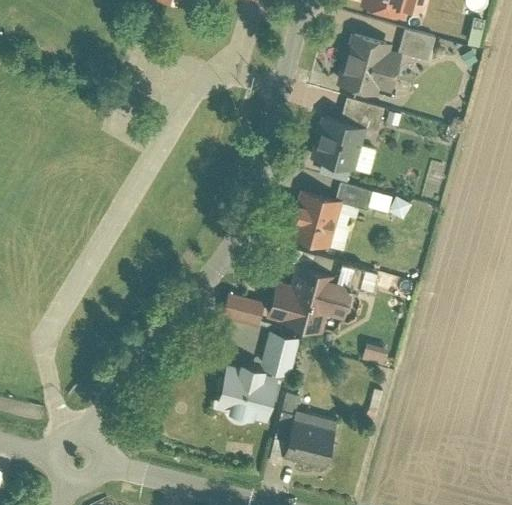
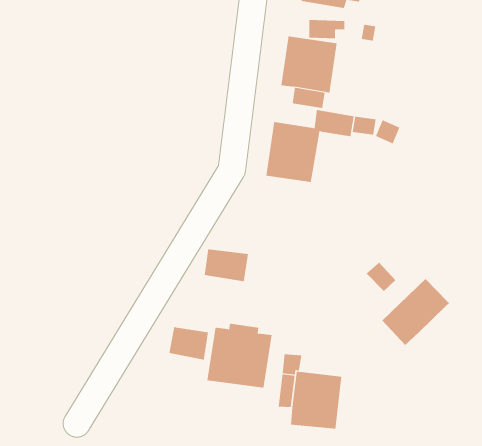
building: [266,262,367,333] -> none
building: [262,333,302,376] -> none
building: none -> [382,278,450,346]
building: none -> [169,326,209,361]

